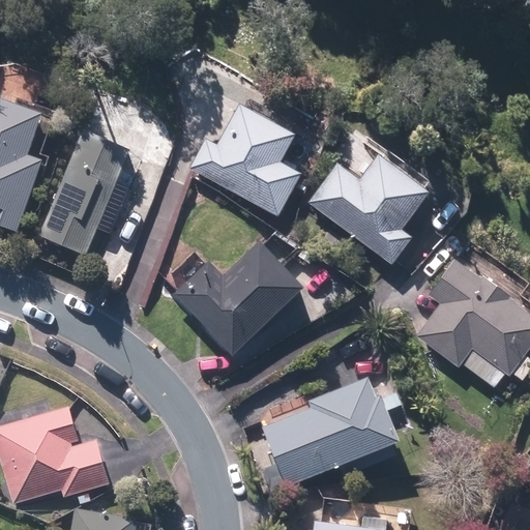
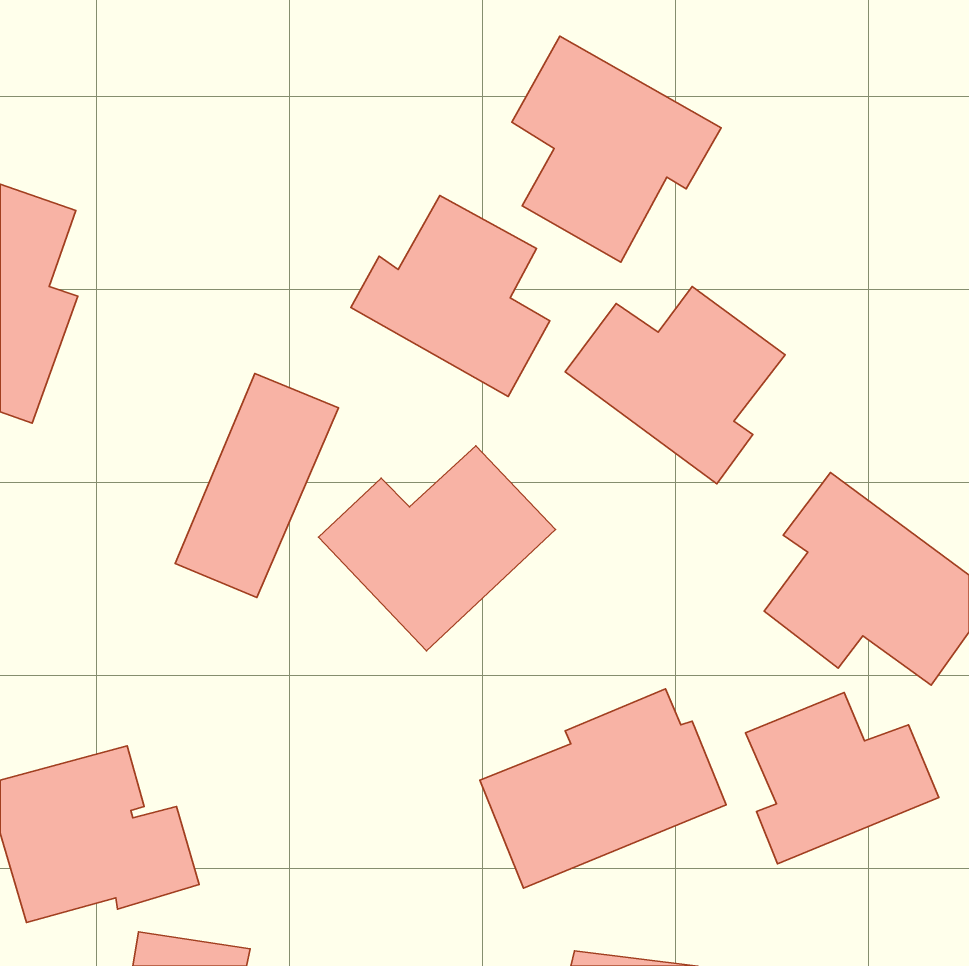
building: none -> [512,36,721,262]
building: [41,132,130,255] -> [175,374,338,598]
building: none -> [745,693,939,864]

